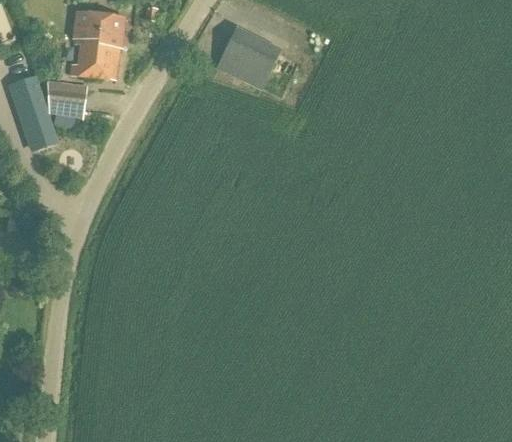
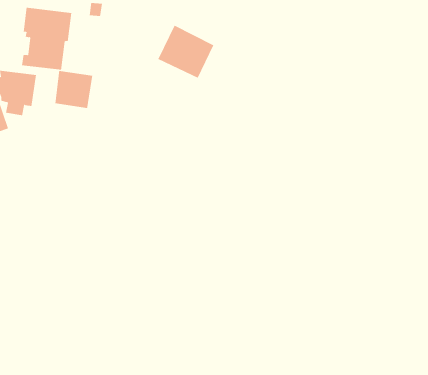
building: none -> [55,70,93,109]

